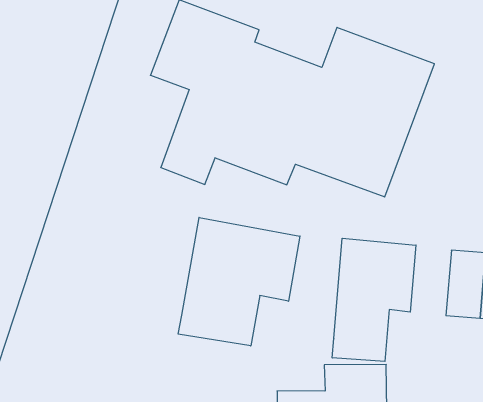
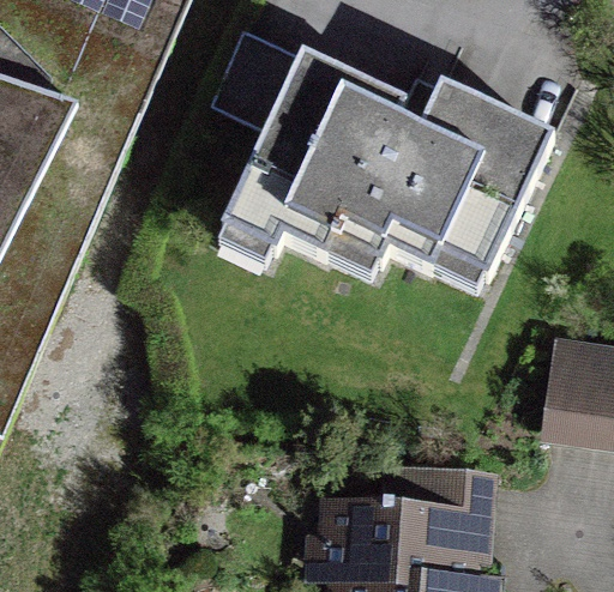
building: [178,217,300,346] -> none
building: [332,238,416,361] -> none

